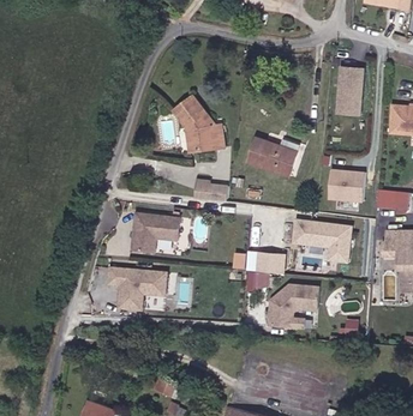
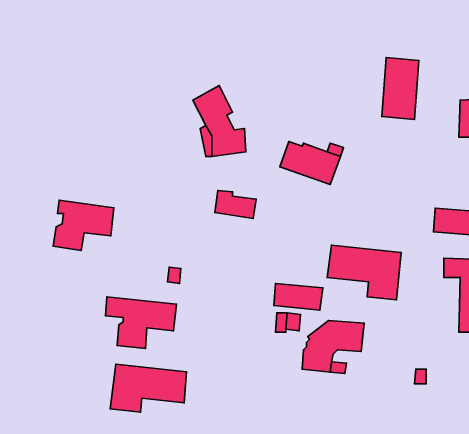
building: [323,171,360,203] -> none
building: [128,207,178,248] -> [53,200,114,251]
building: none -> [110,364,186,412]

